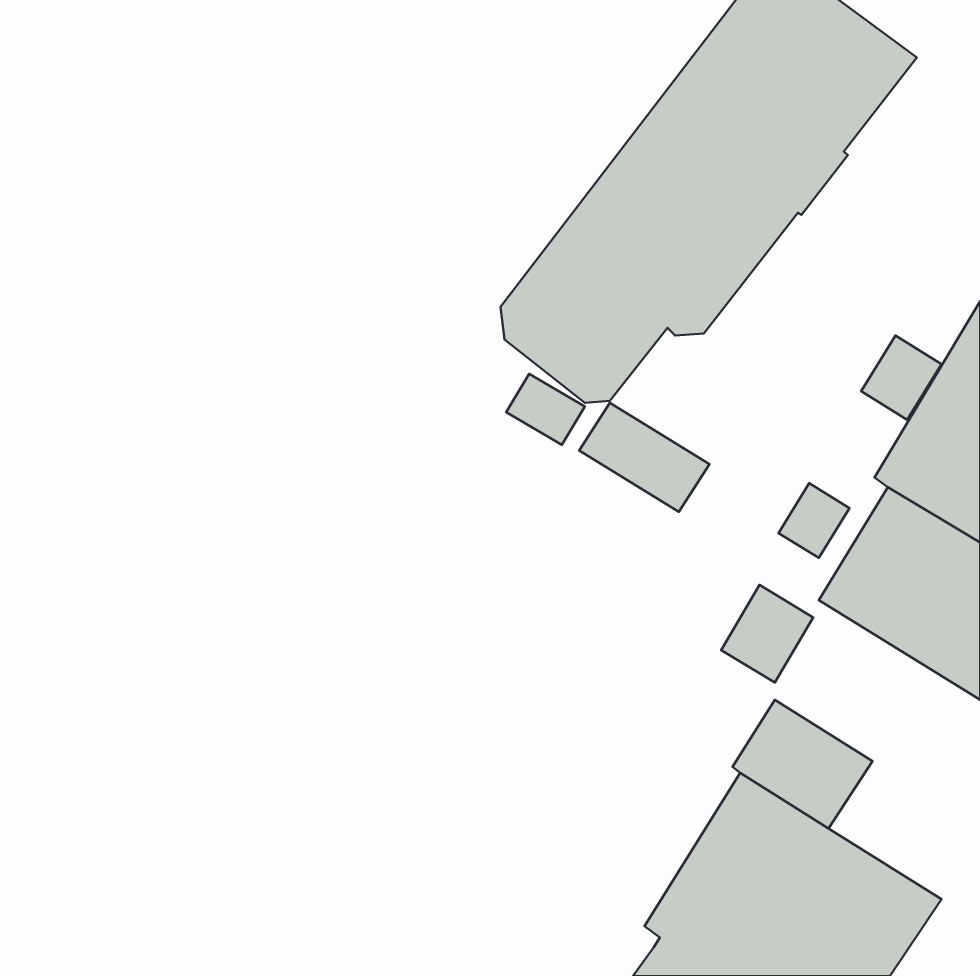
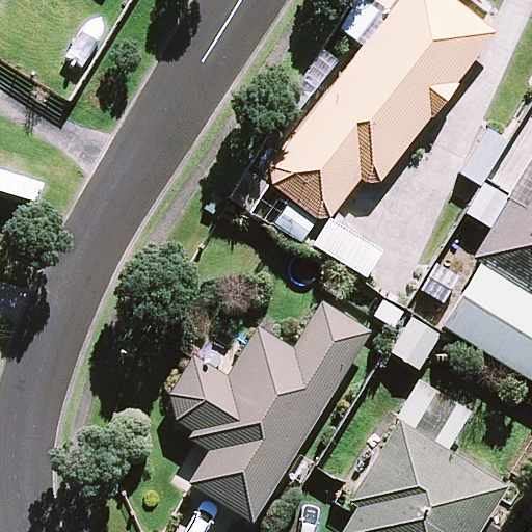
building: none -> [170,300,372,523]

